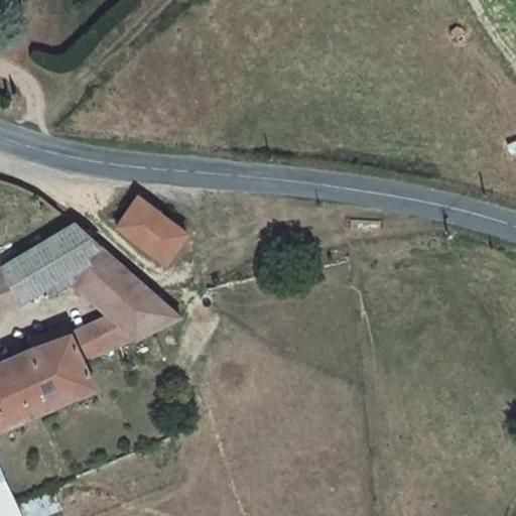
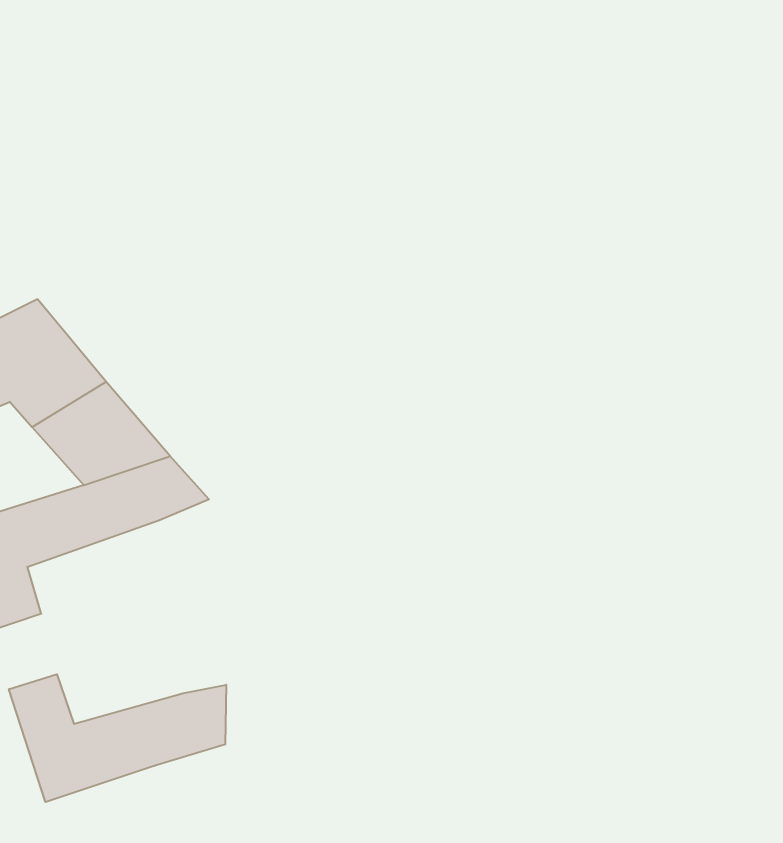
building: [114,197,185,263] -> none
building: none -> [9,674,226,802]

